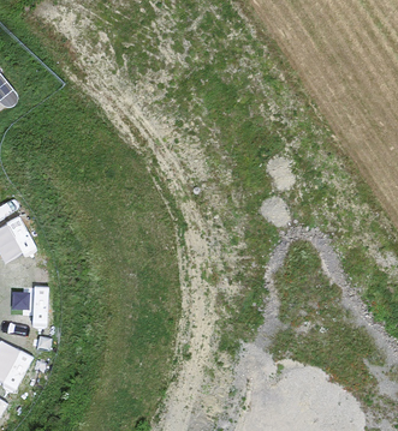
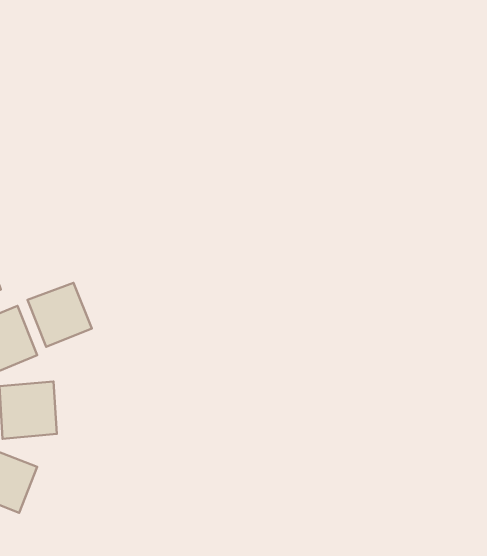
building: none -> [28,283,92,347]

